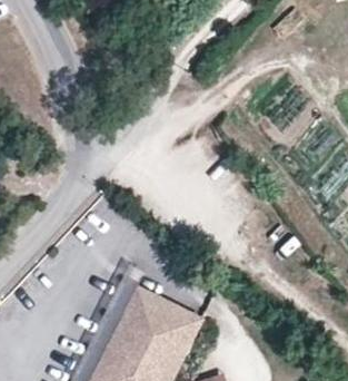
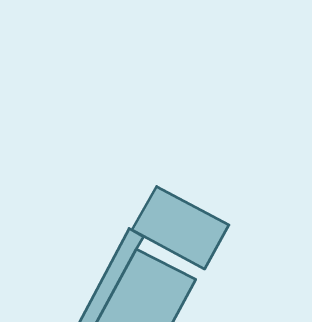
building: none -> [132,186,229,269]

